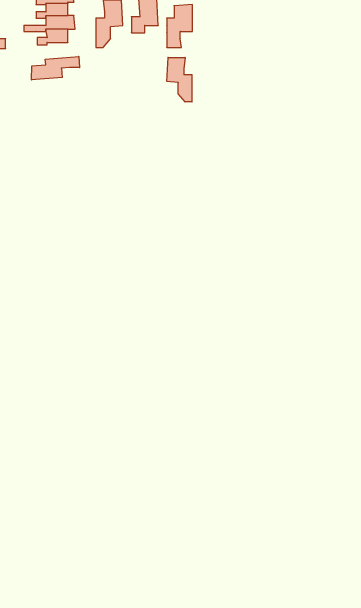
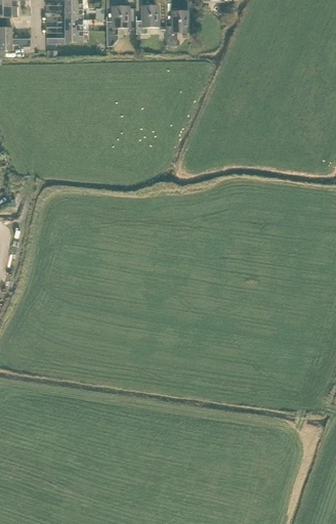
building: [32,56,80,80] -> none
building: [167,57,192,102] -> none

